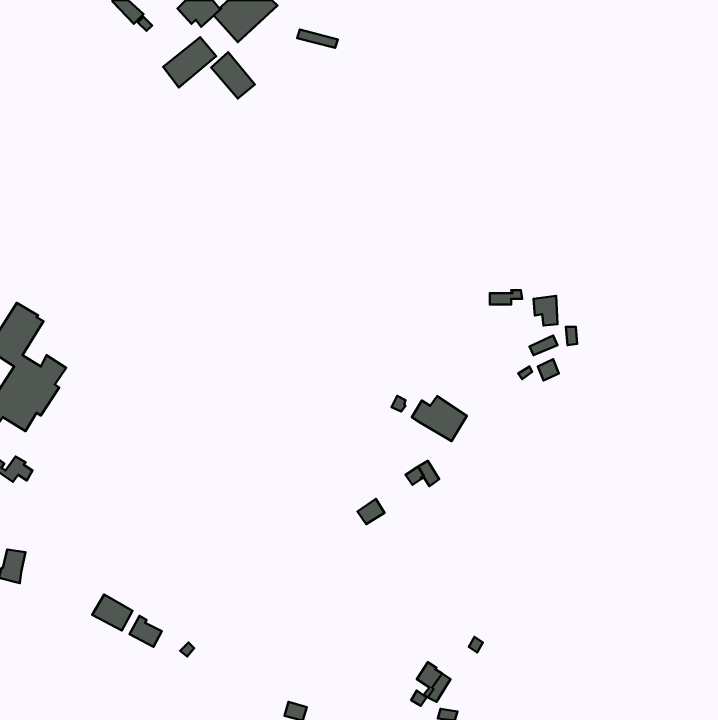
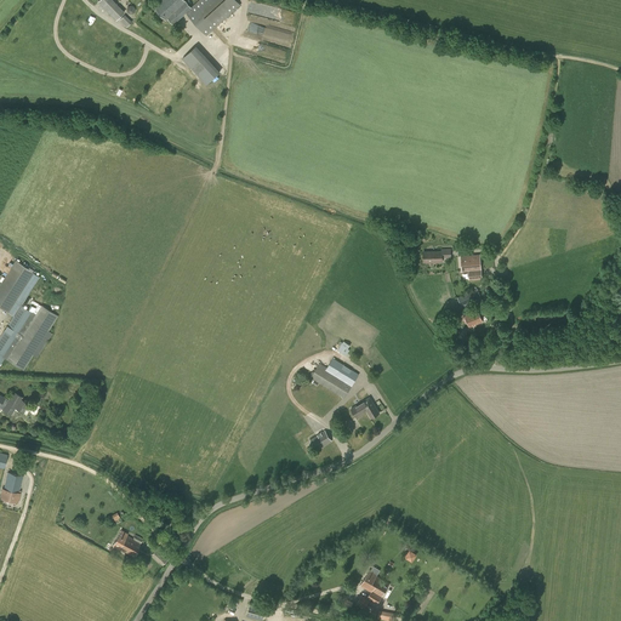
building: [163,37,216,87] -> none
building: [412,396,467,441] -> [310,358,358,397]
building: [92,595,132,630] -> none

